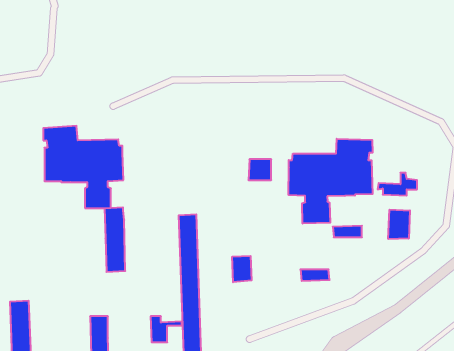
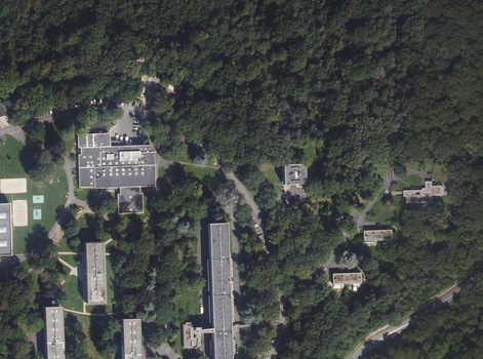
building: [289,139,373,224] -> none
building: [104,207,125,272] -> [85,242,106,306]
building: [388,210,410,239] -> none
building: [232,256,252,282] -> none

